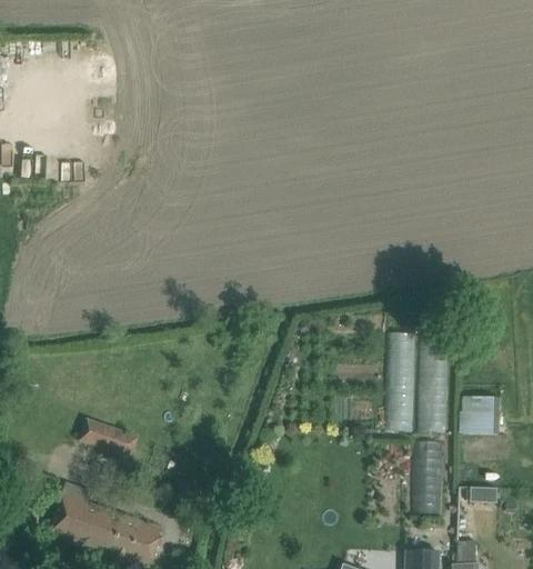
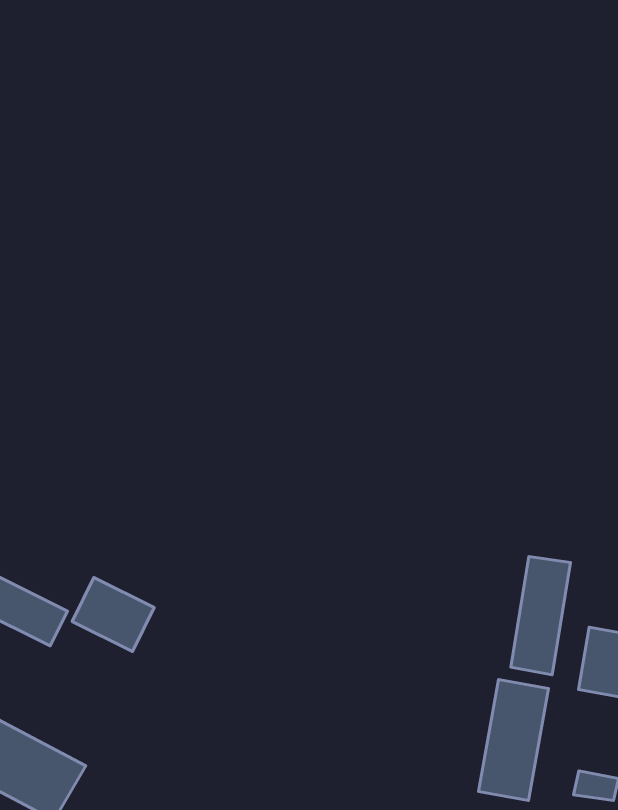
building: [386,330,414,430] -> none
building: none -> [72,578,154,651]

